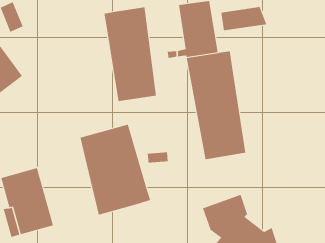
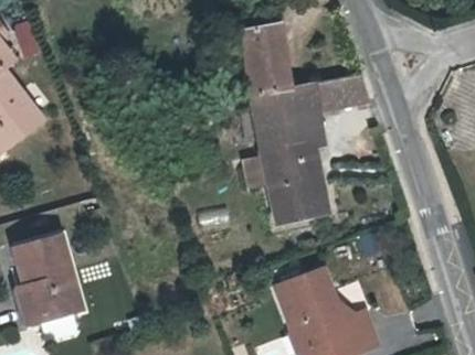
building: [104,6,156,102] -> none
building: [221,6,267,31] -> [308,77,368,108]
building: [80,124,151,216] -> none

